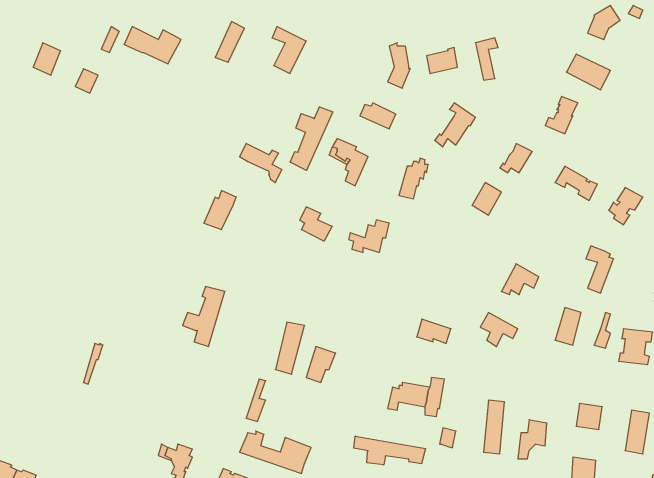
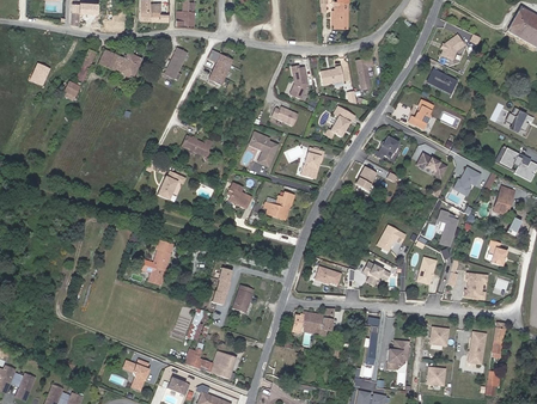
building: [290,107,333,170] -> none
building: [354,436,425,465] -> none

